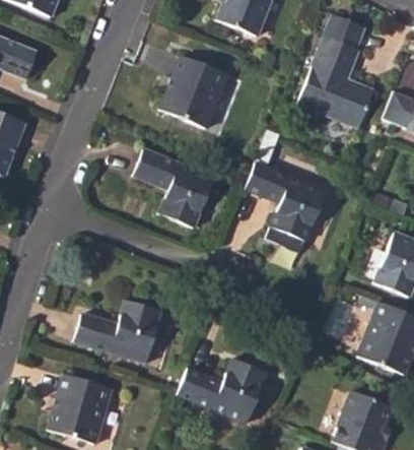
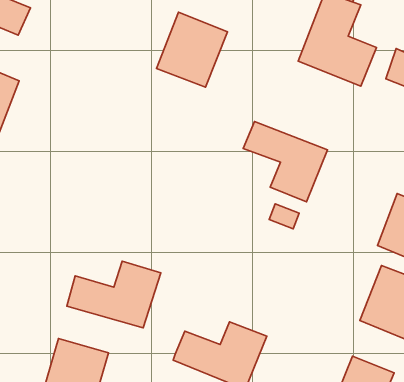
building: [133,148,214,228] -> none

